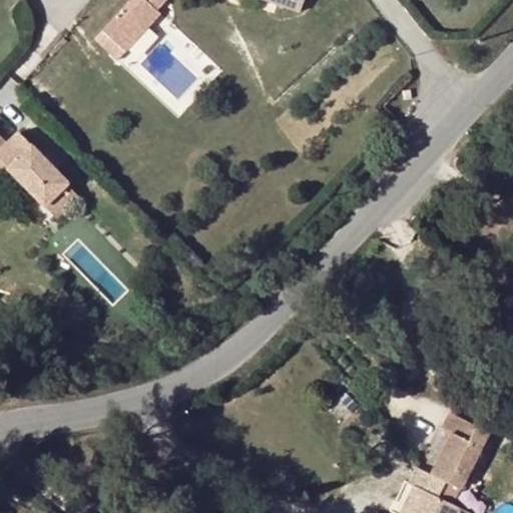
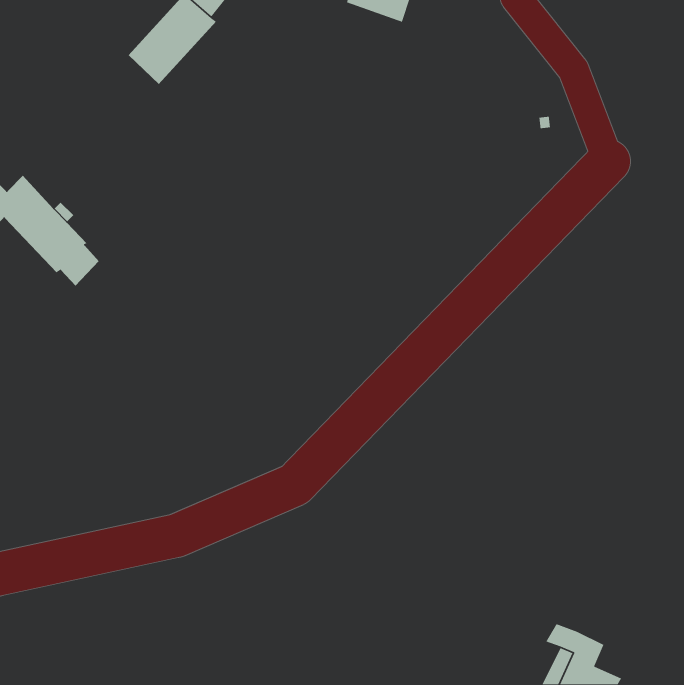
building: [430,412,487,485] -> none

